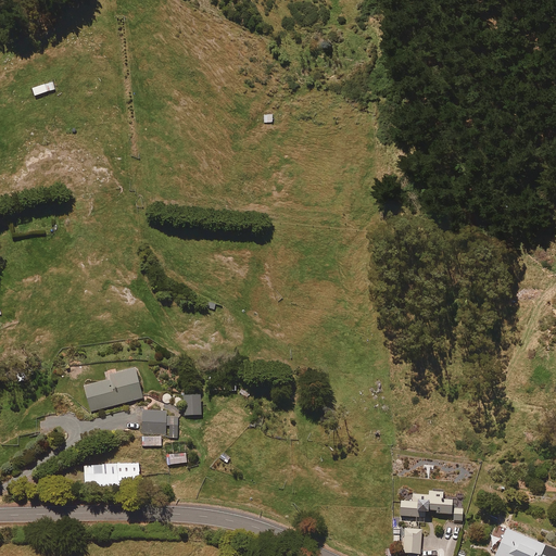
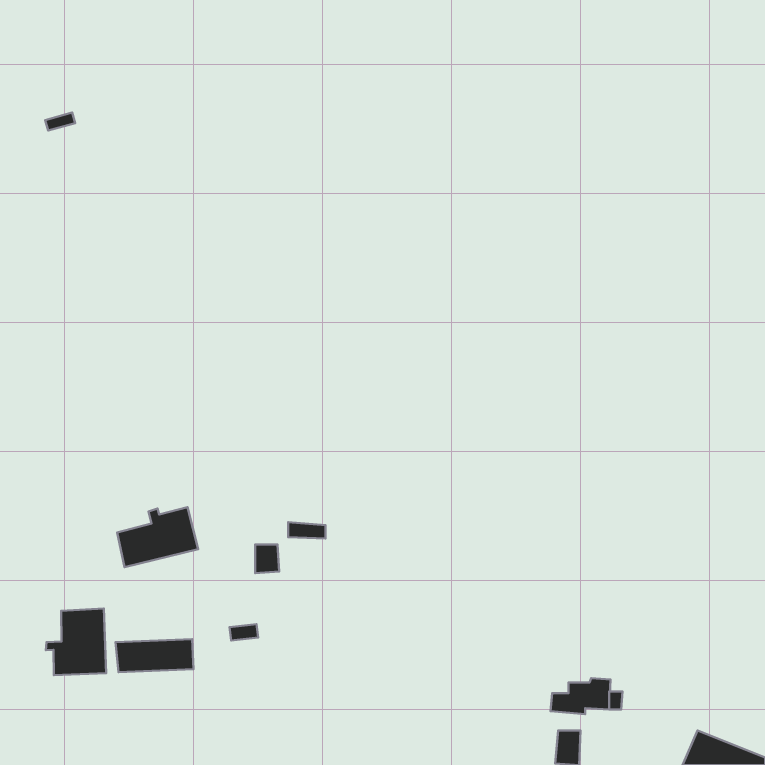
building: [142,410,178,445] -> none
building: none -> [46,608,106,675]

